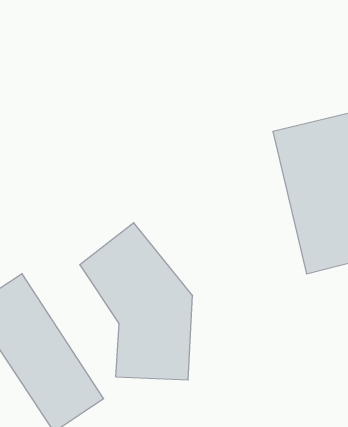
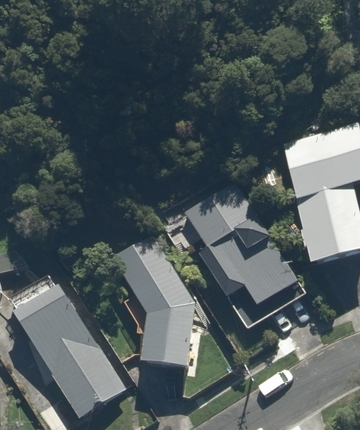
building: none -> [176,175,305,315]

